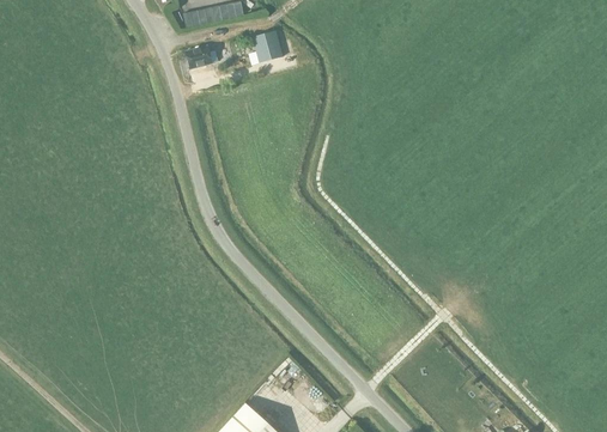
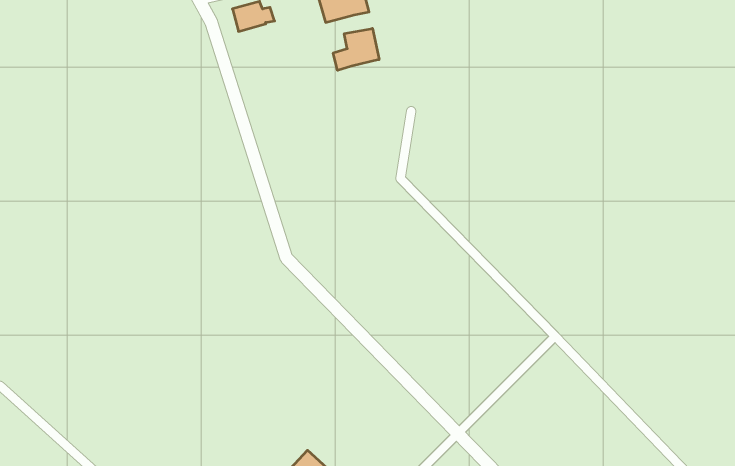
building: none -> [333,28,379,70]

